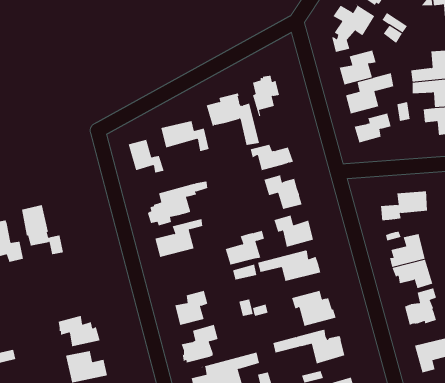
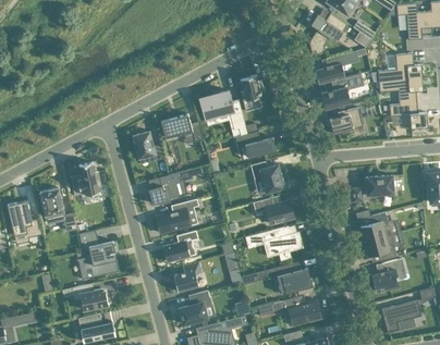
building: none -> [71,162,101,197]
building: [225,230,265,265] -> [163,231,198,261]
building: none -> [77,230,115,276]

